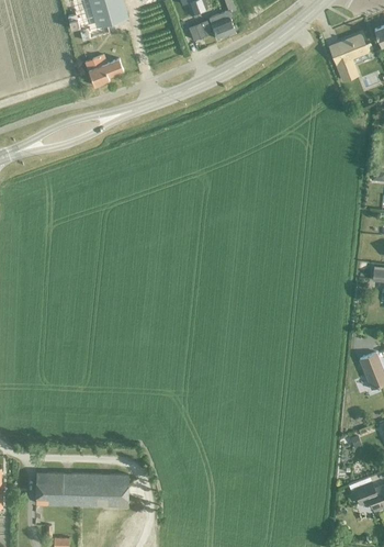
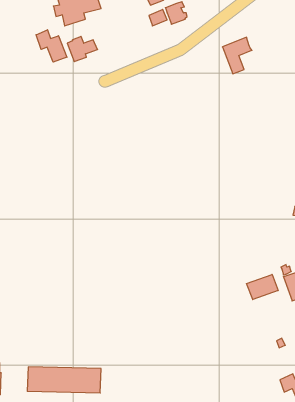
building: [330,34,368,80] -> [222,37,252,74]
building: none -> [36,30,67,62]
building: none -> [247,274,278,300]

